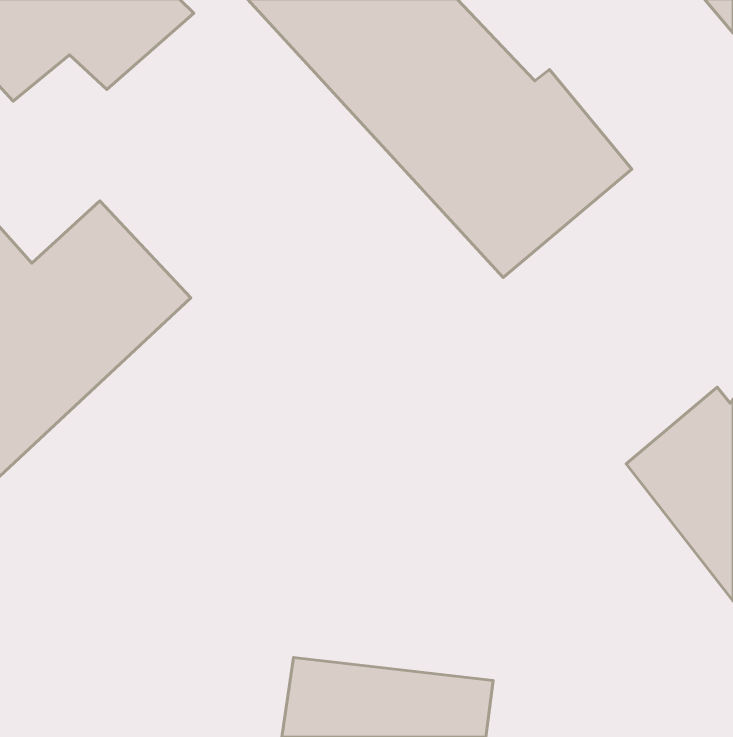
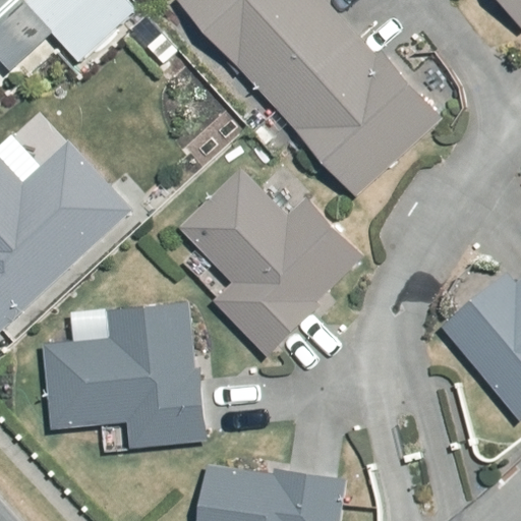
building: none -> [177,170,366,356]
building: none -> [43,301,206,451]

